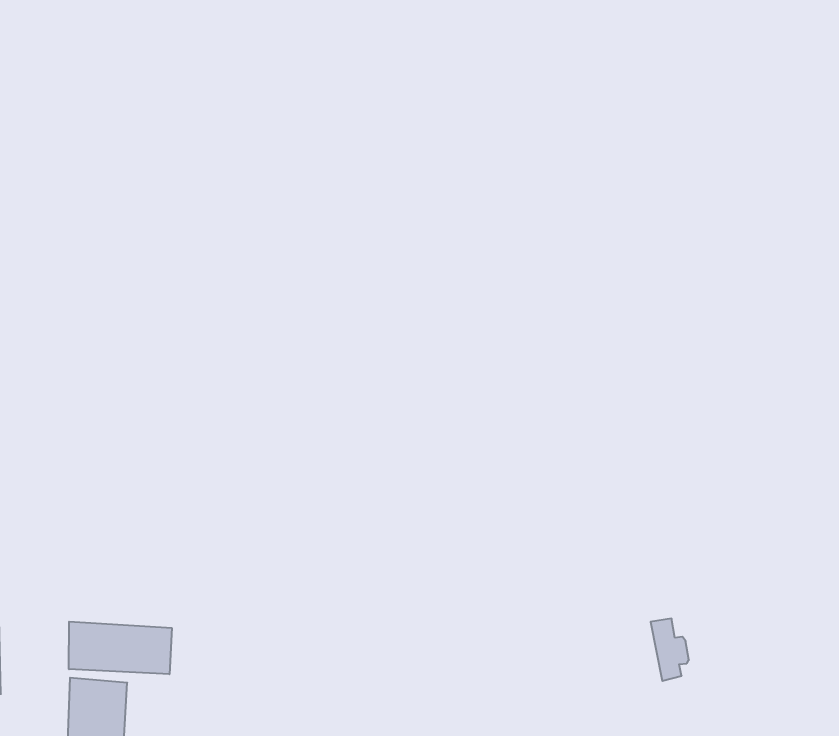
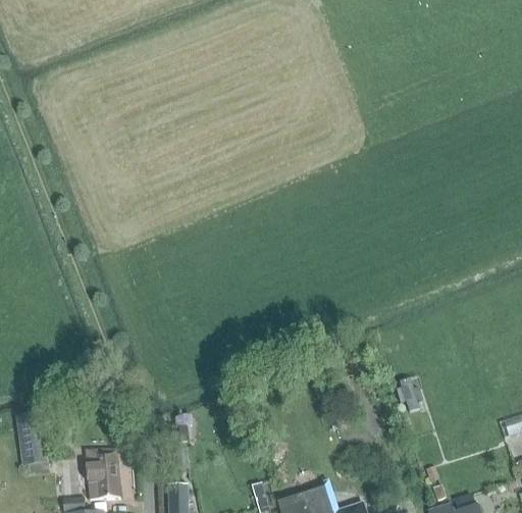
building: [69,622,172,674] -> none

